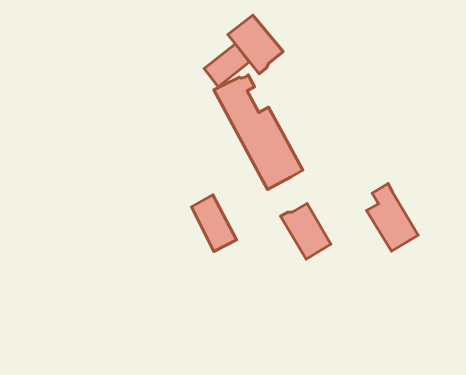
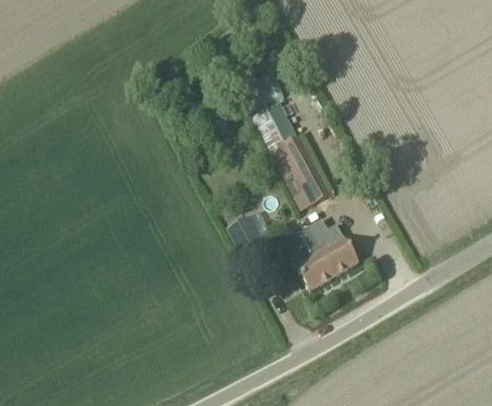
building: [228,15,283,74] -> none
building: [367,184,418,251] -> [289,226,337,289]

